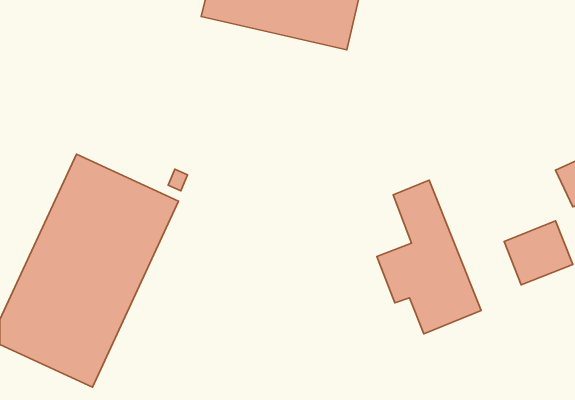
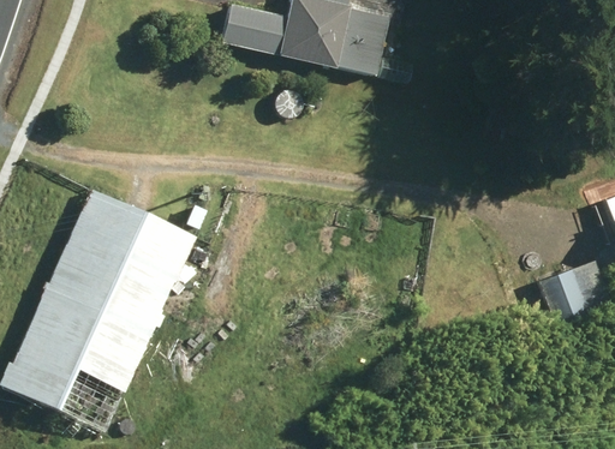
building: [377,180,481,334] -> none

